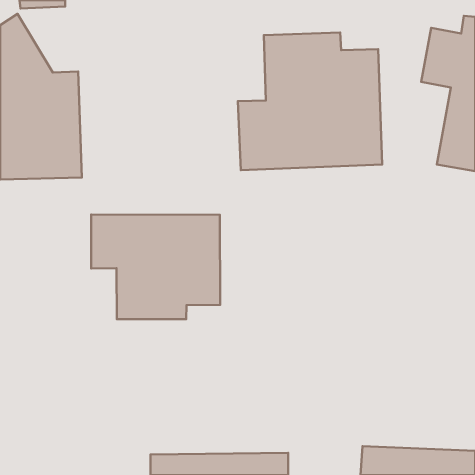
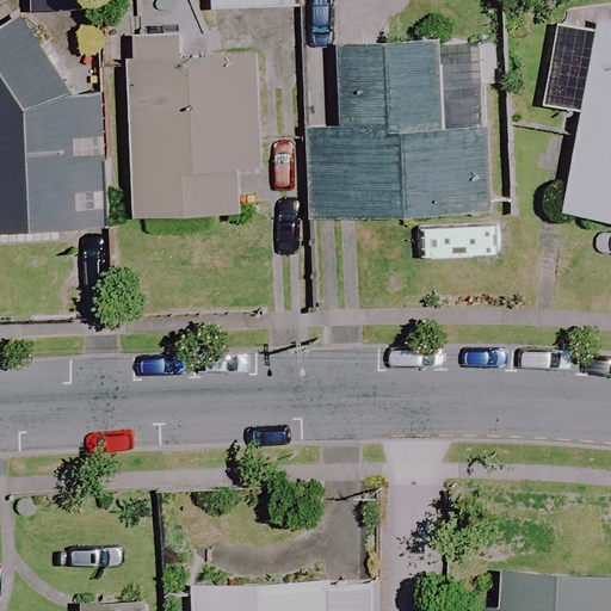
building: none -> [128,38,254,214]
building: [91,215,220,319] -> none

